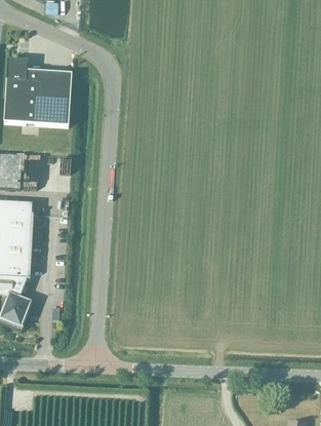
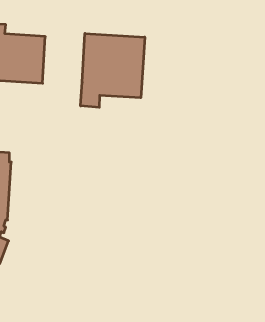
building: none -> [81,33,145,107]

